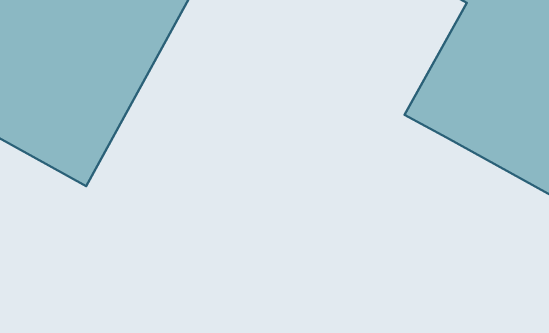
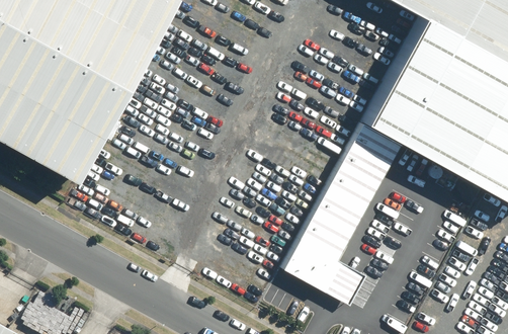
building: none -> [280,118,402,308]

